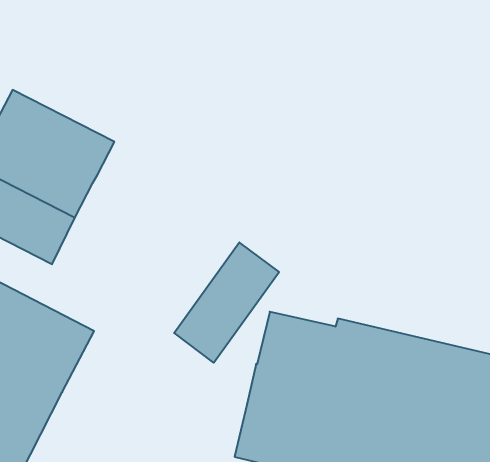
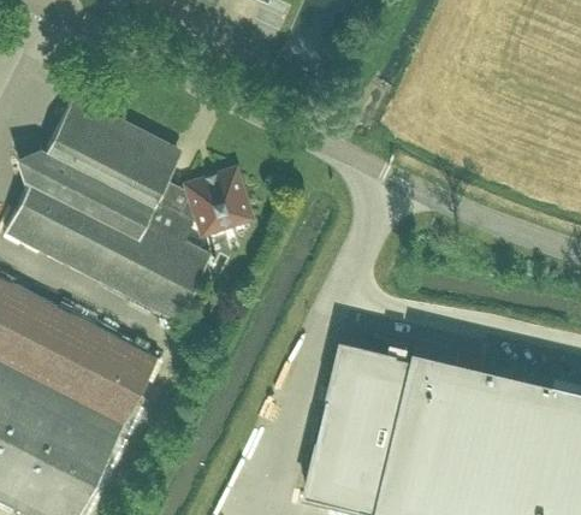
building: none -> [112,172,250,321]
building: [174,242,279,363] -> none

